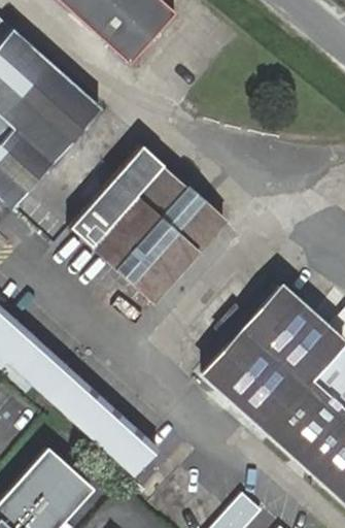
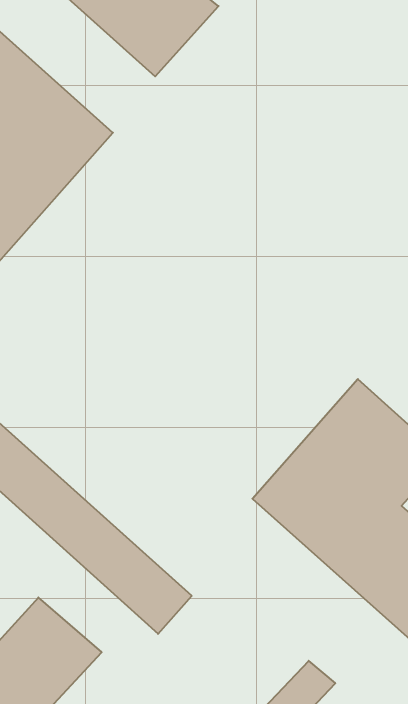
building: [71,145,227,301] -> none

